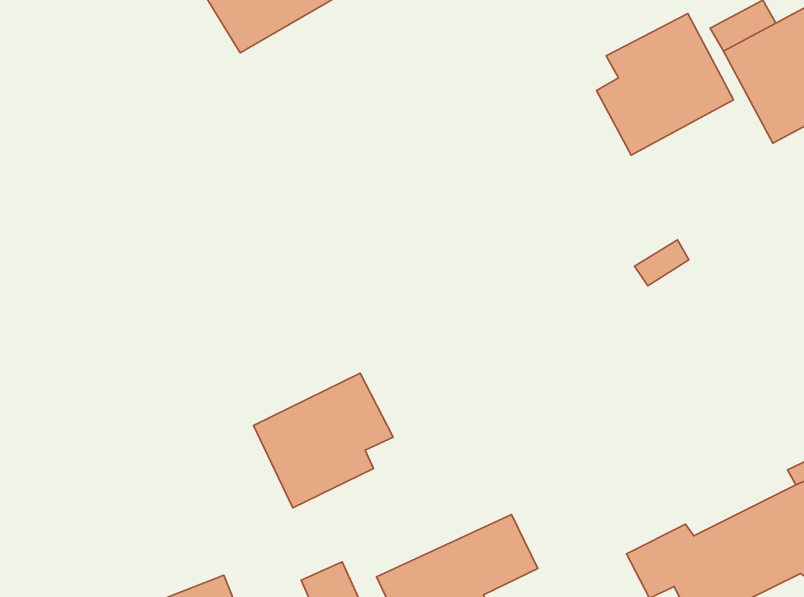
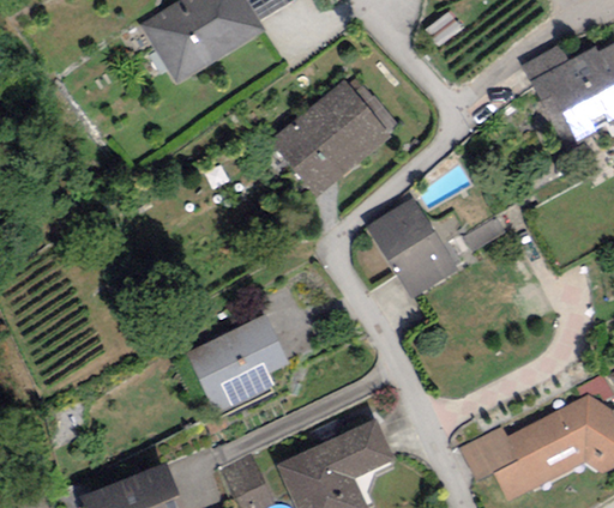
building: [596,14,734,155] -> none
building: none -> [269,79,391,195]
building: none -> [367,198,457,298]

